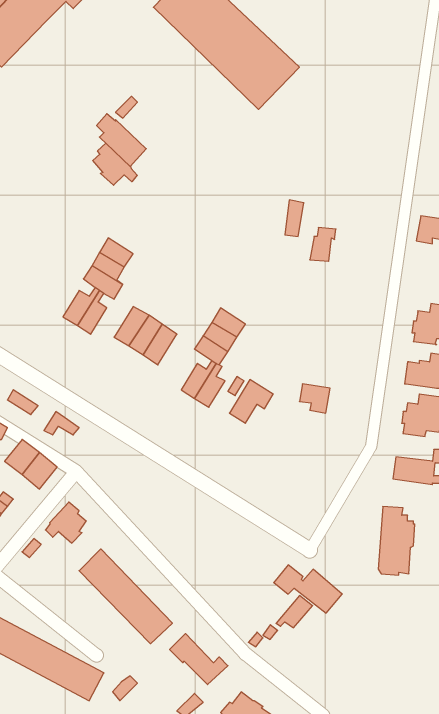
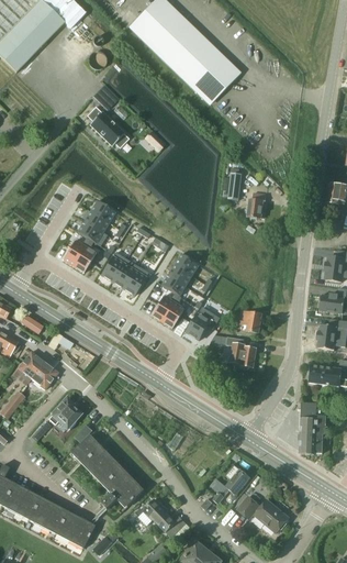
building: [93,143,137,185] -> none
building: none -> [220,335,257,366]
building: [274,565,342,613] -> [237,496,289,532]

